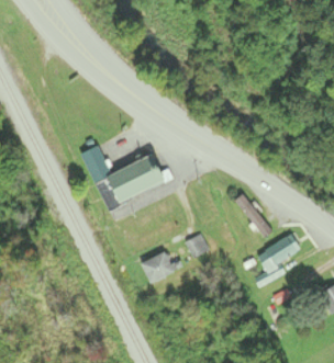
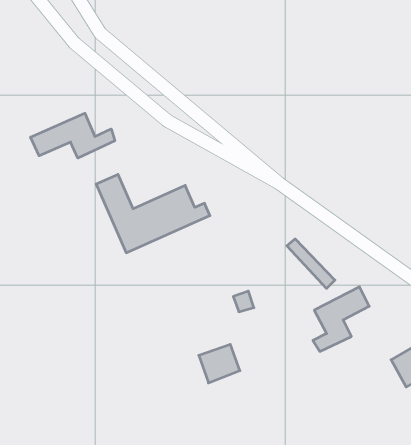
building: none -> [31,113,115,158]
building: [141,252,174,283] -> [199,344,240,383]

